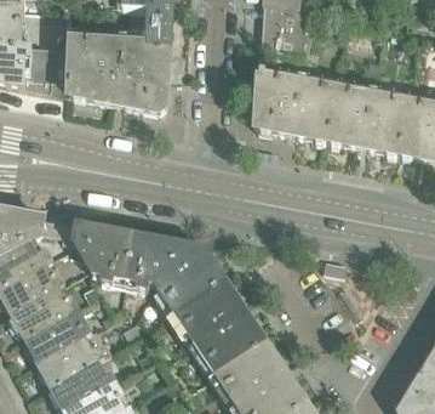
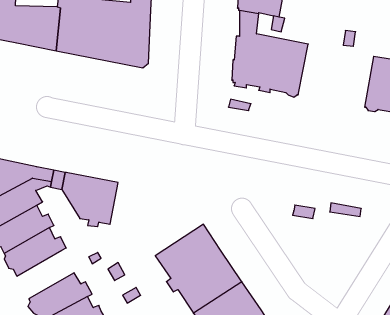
building: [326,84,407,153] -> none
building: [124,233,224,312] -> none
building: [23,306,90,358] -> none

